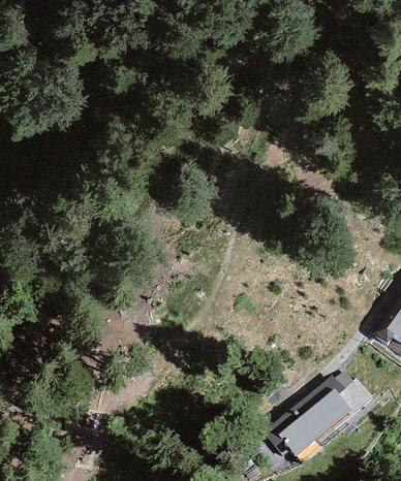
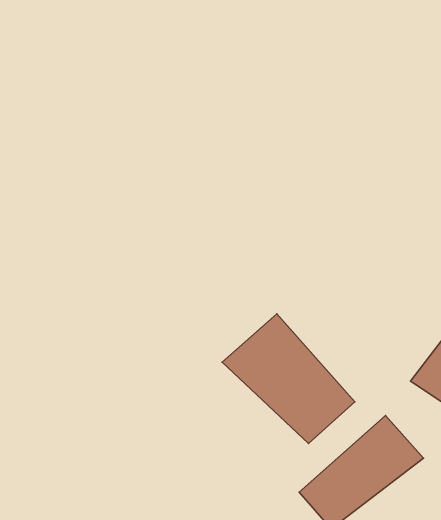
building: none -> [222,314,355,443]

